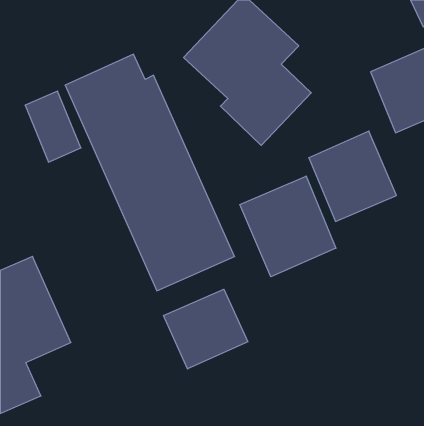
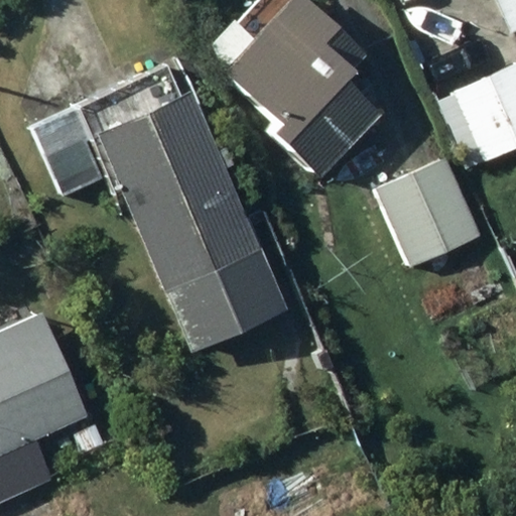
building: [240,176,336,277] -> none
building: [164,289,248,369] -> none

